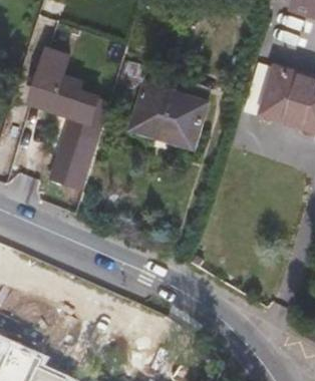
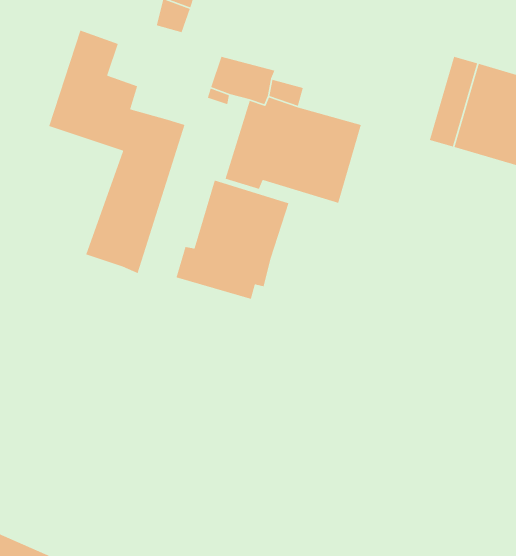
building: none -> [175,180,289,300]

